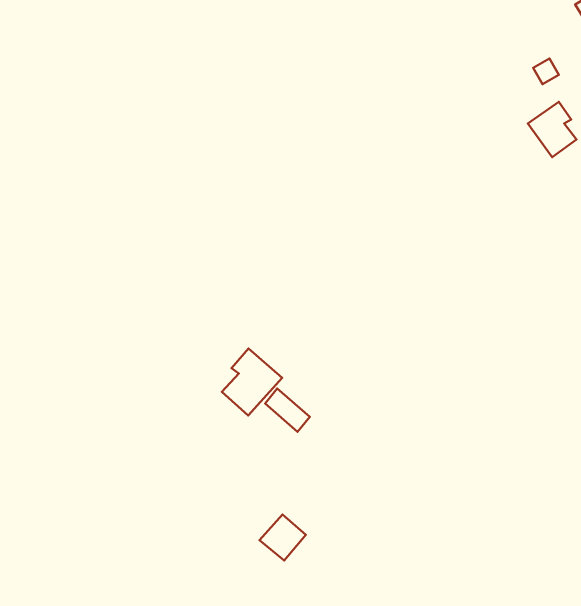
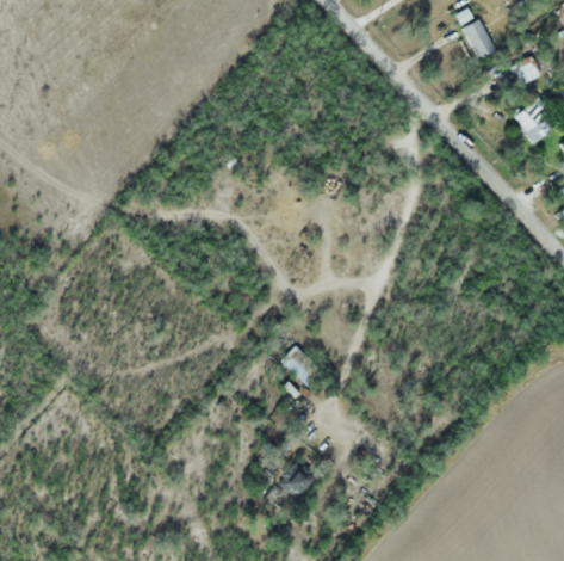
building: none -> [463,19,494,60]
building: [222,348,282,415] -> none

